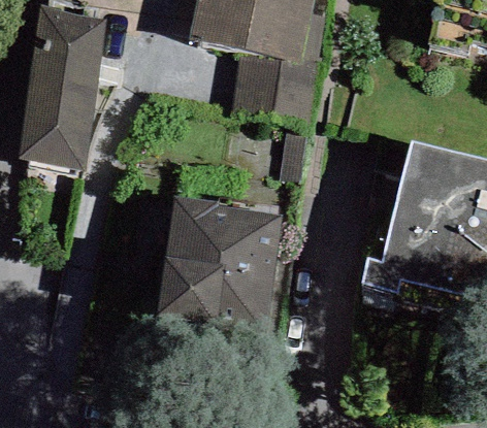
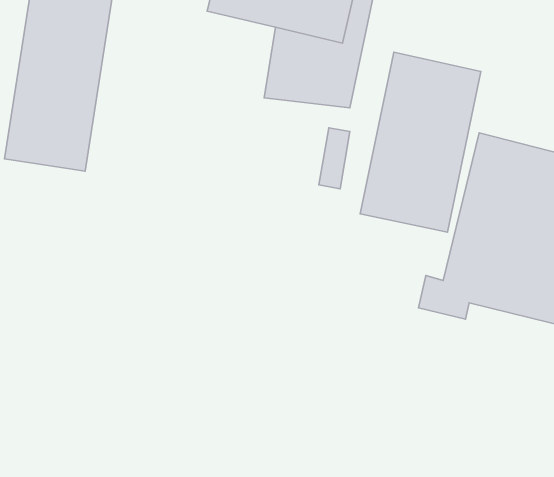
building: none -> [360,52,481,232]
building: [157,197,285,330] -> none

